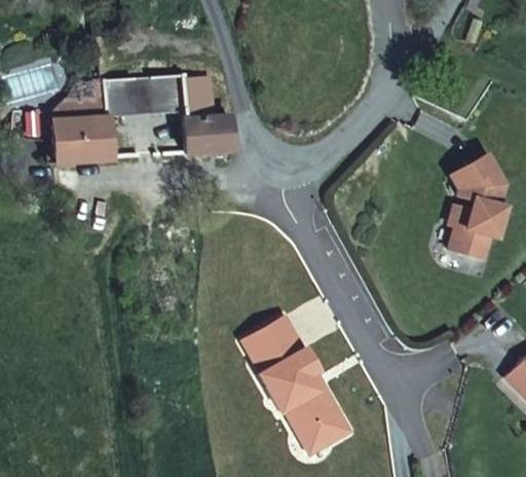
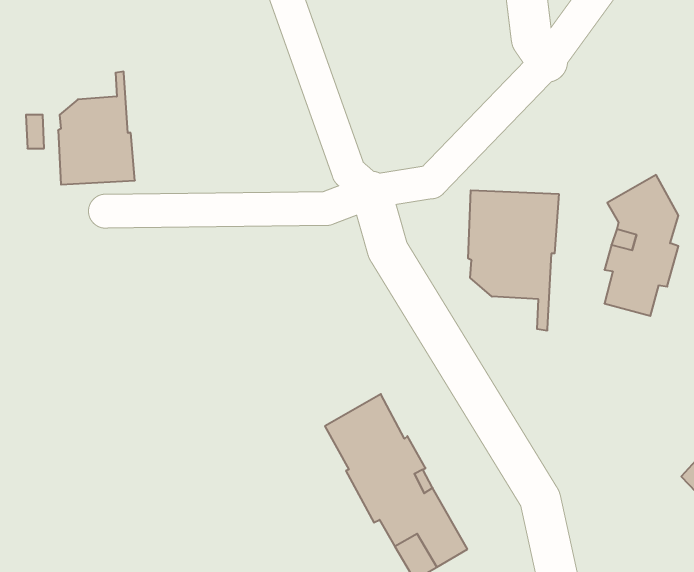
building: [98,74,229,154] -> none
building: none -> [468,190,559,331]

